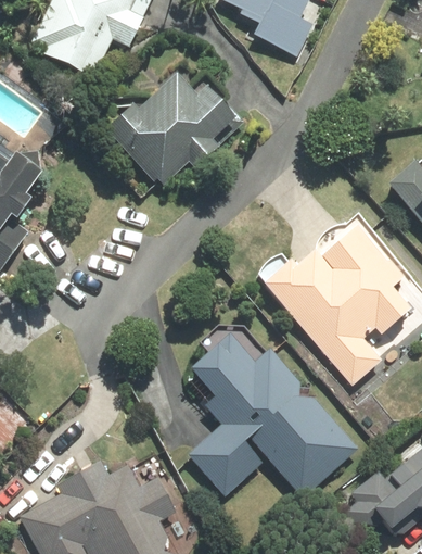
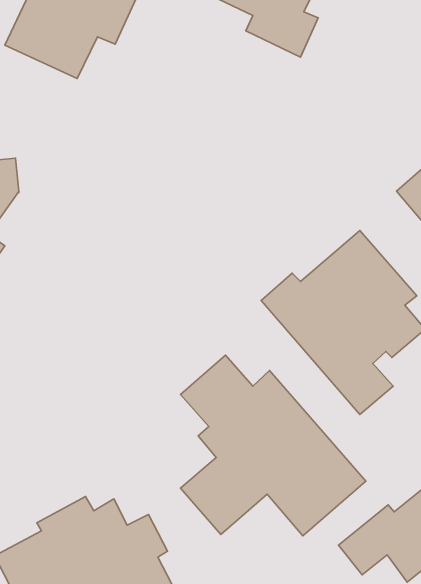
building: [104,67,246,188] -> none

